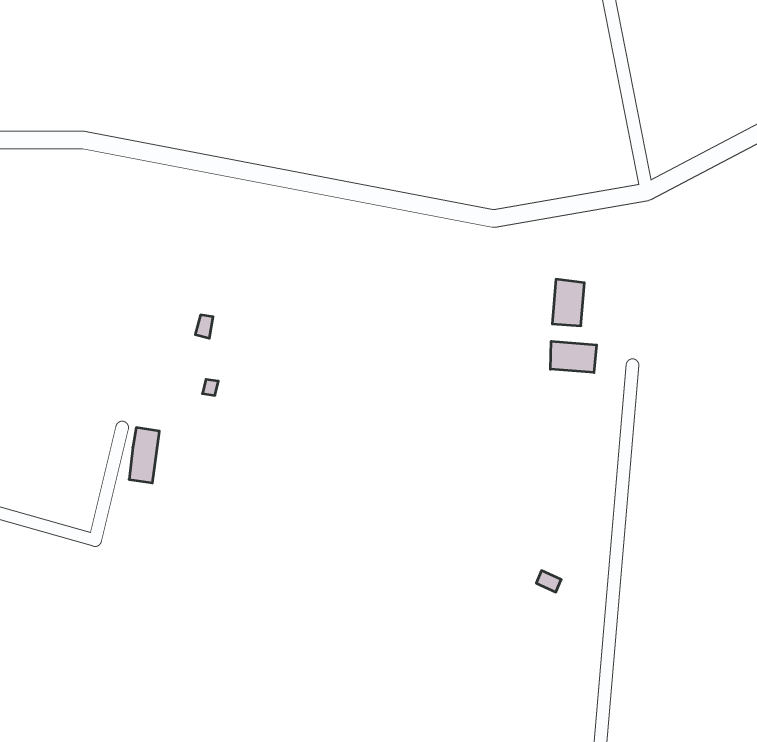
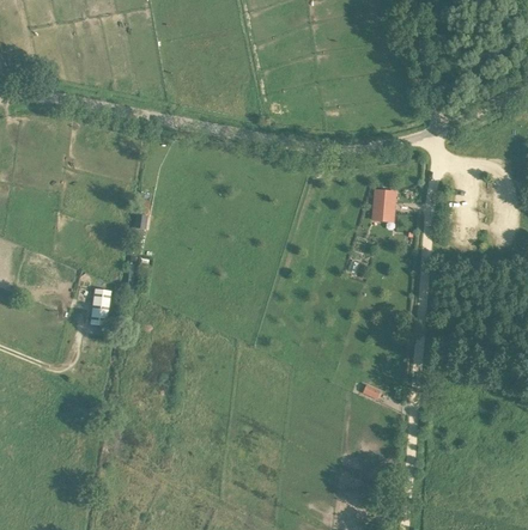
building: [550,341,597,373] -> none

